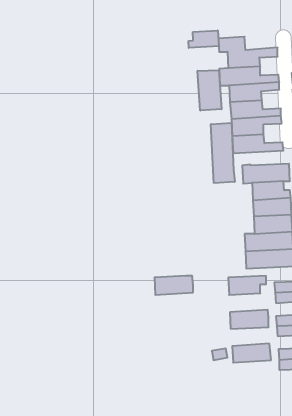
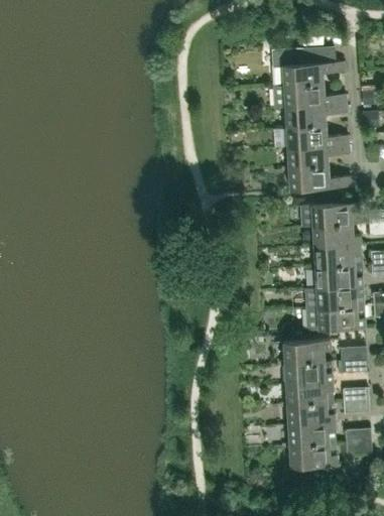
building: [189,30,219,48] -> none
building: [198,70,221,111] -> none
building: [211,123,235,183] -> none
building: [154,276,193,295] -> [284,361,332,384]
building: none -> [286,402,334,425]
building: none -> [289,442,337,479]

